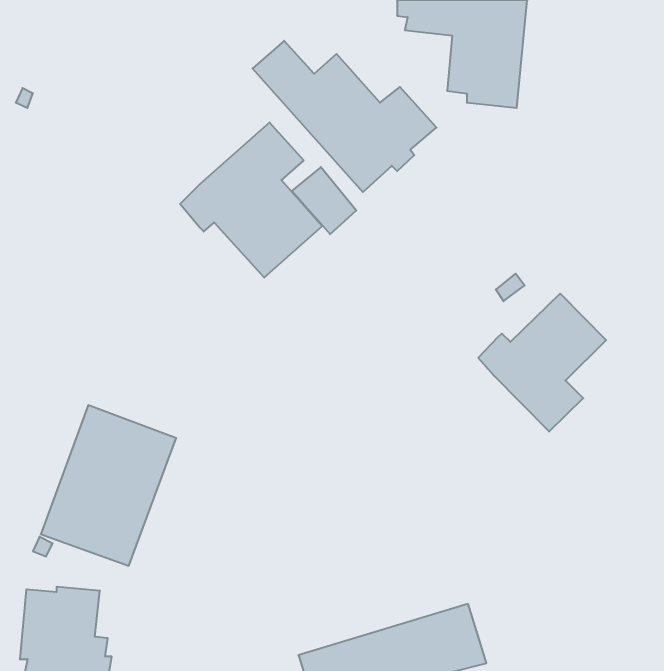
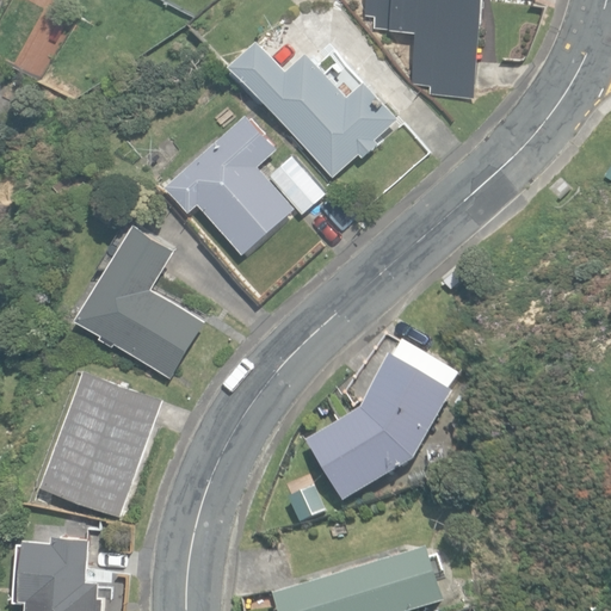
building: none -> [74,222,204,377]
building: [478,294,606,432] -> none
building: none -> [304,345,456,504]

